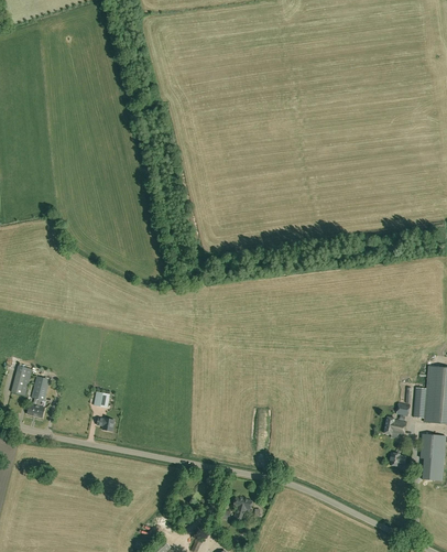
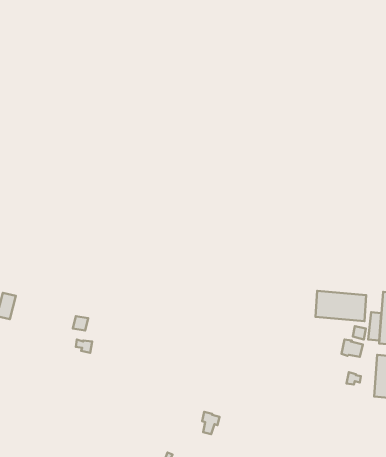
building: none -> [316,291,366,321]
building: [28,376,51,416] -> none

